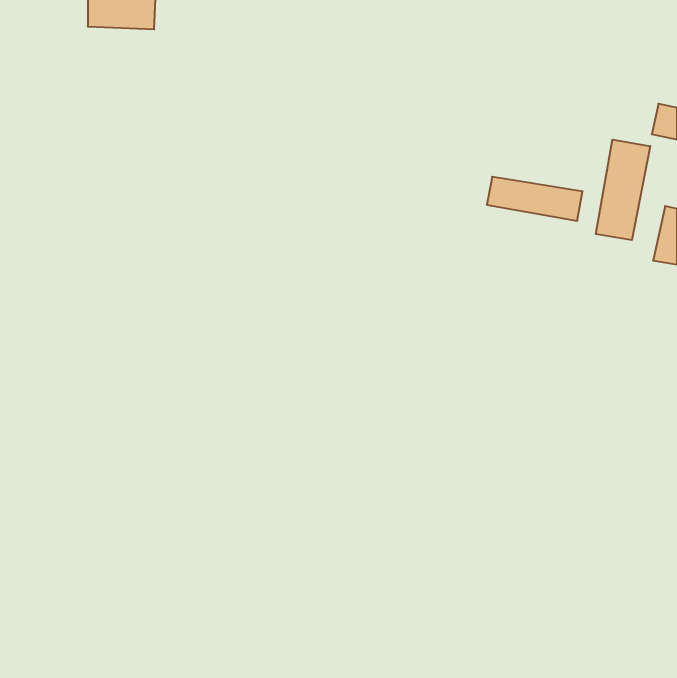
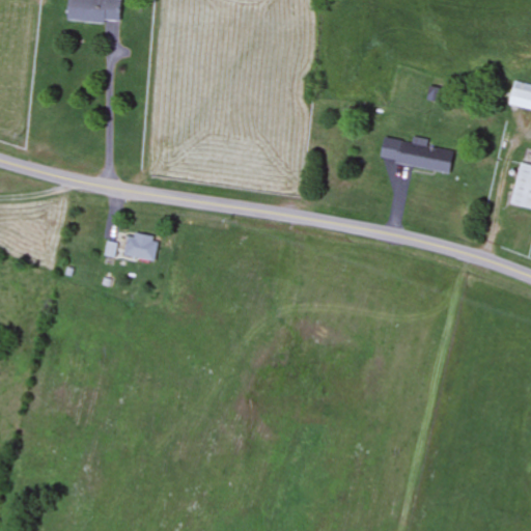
building: [596,140,650,240] -> none
building: none -> [125,234,157,257]

